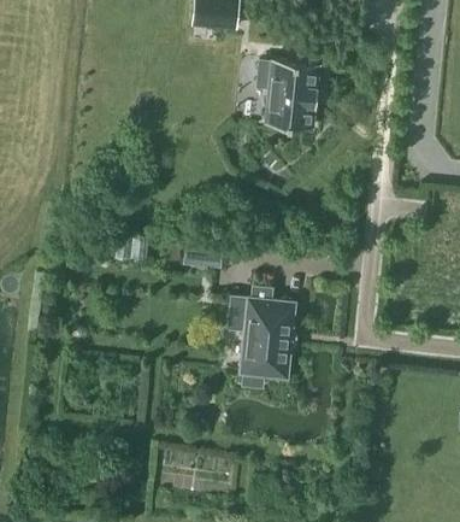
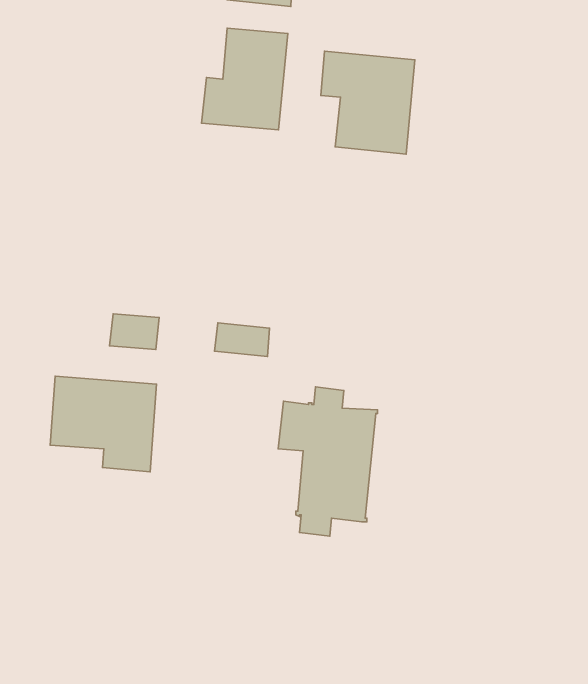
building: none -> [202,28,288,130]
building: none -> [50,376,157,472]

